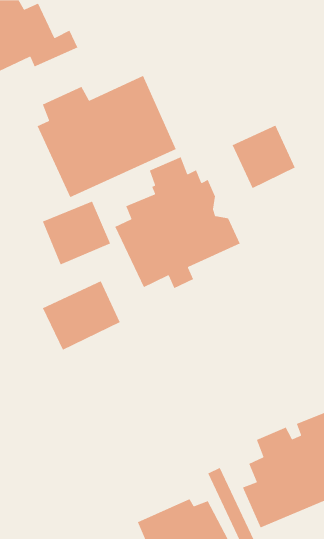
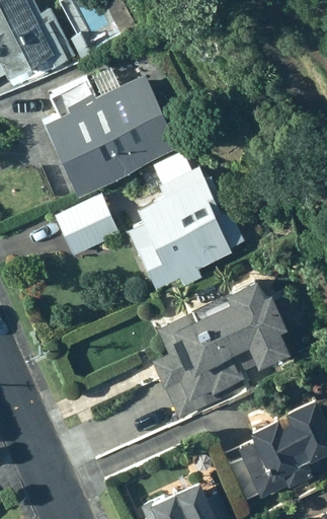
building: [231,124,296,189] -> none
building: [42,280,121,351] -> none
building: none -> [149,276,284,423]

